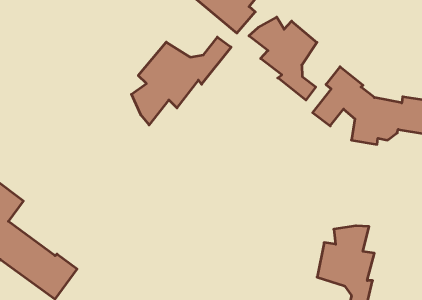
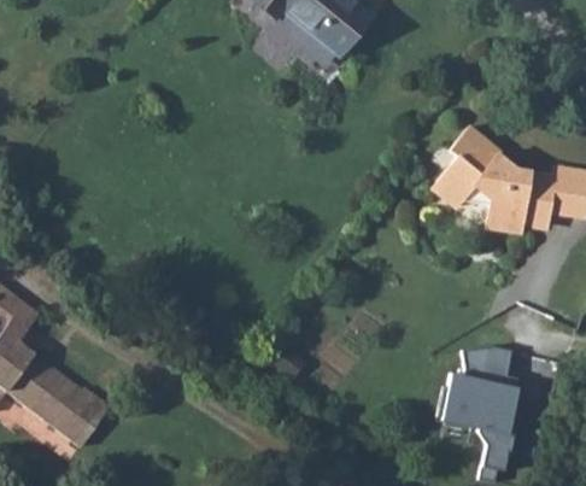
building: [249,17,317,100] -> none
building: [131,37,231,125] -> none

